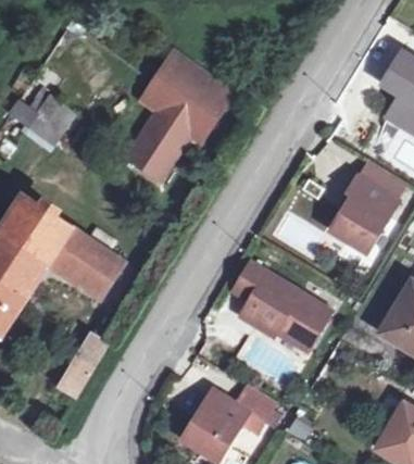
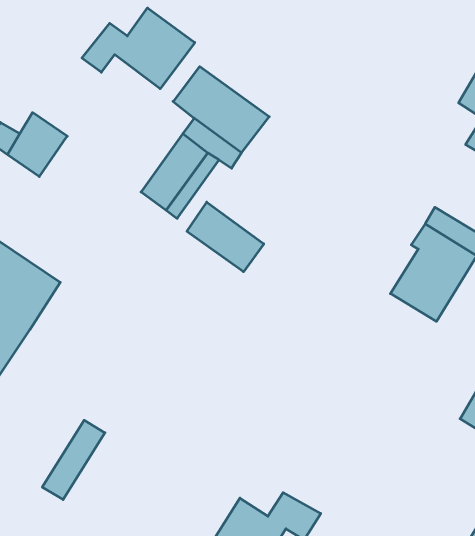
building: none -> [82,8,195,89]
building: none -> [187,202,264,272]
building: [47,225,124,297] -> none
building: [231,265,328,353] -> none

